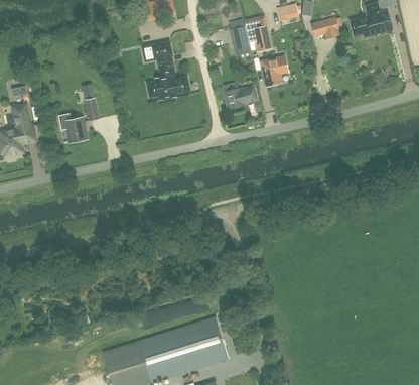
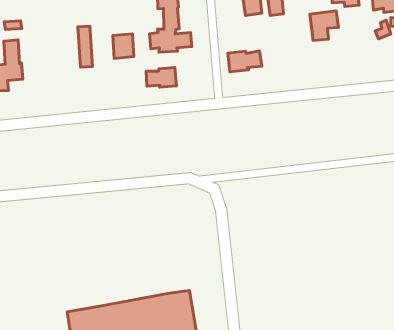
building: [261,55,289,86] -> [310,11,338,40]
building: none -> [146,68,176,87]
building: [65,117,88,142] -> [113,34,134,58]

